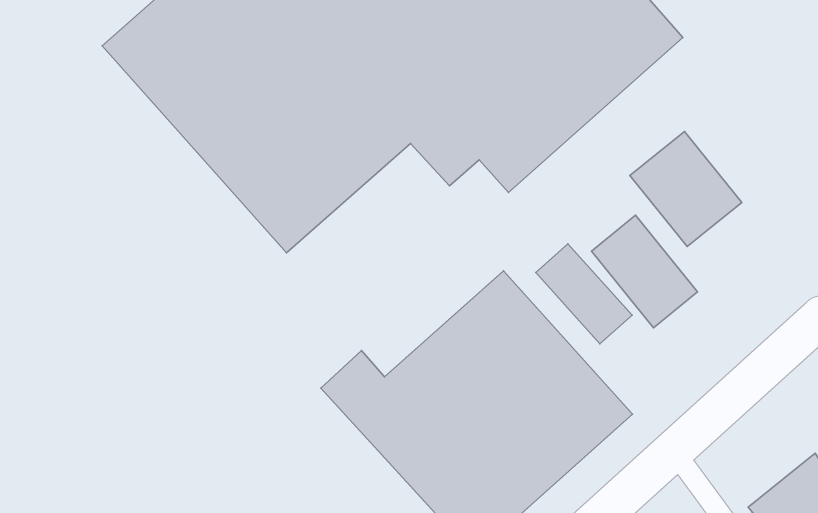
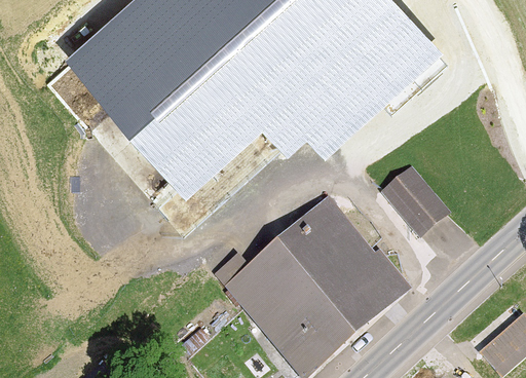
building: [630,132,742,247] -> none
building: [536,244,632,344] -> none

